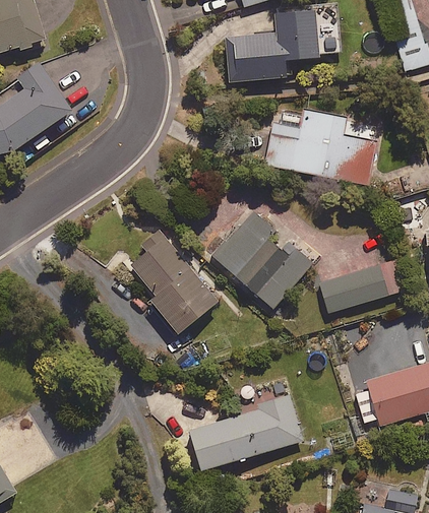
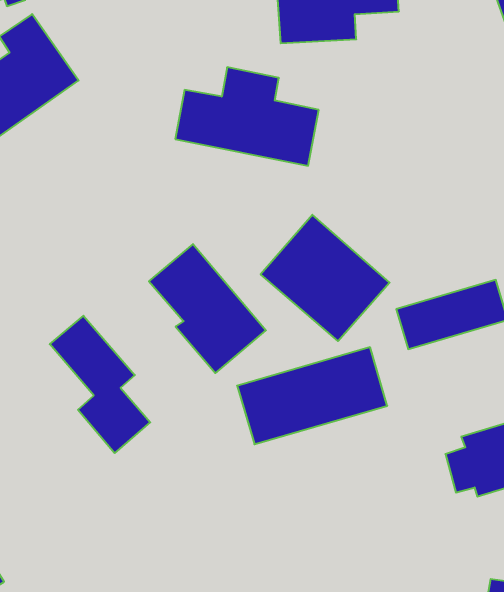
building: [265,110,375,185] -> [175,67,319,166]
building: none -> [50,316,150,453]
building: [189,397,304,471] -> [237,347,387,444]

